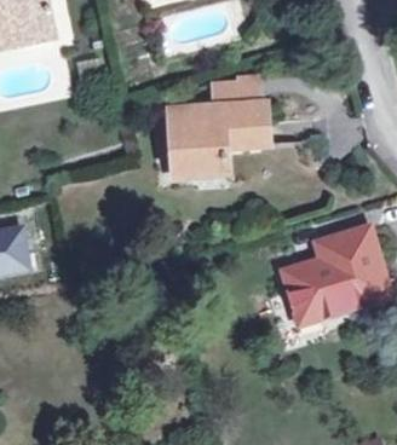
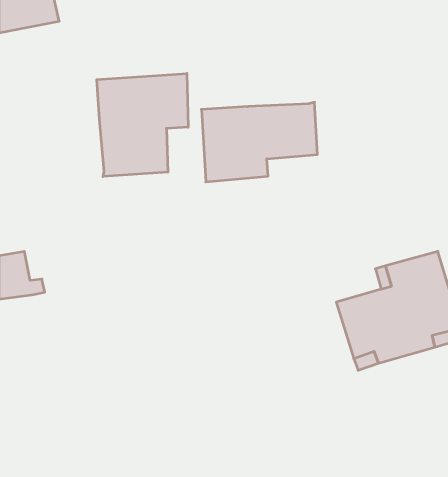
building: [206,76,258,106] -> none
building: none -> [97,73,188,177]

